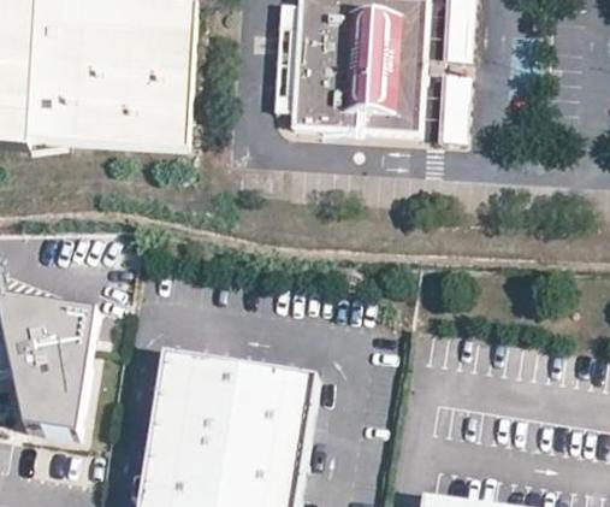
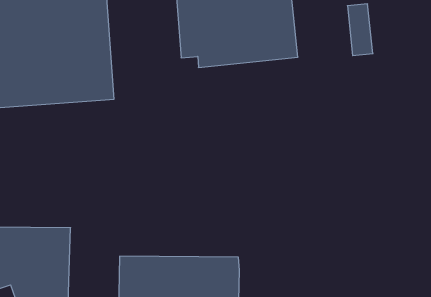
building: [437,75,466,141] -> [347,4,373,56]

